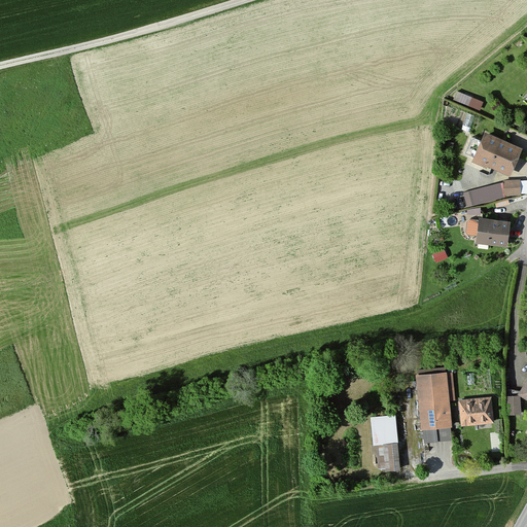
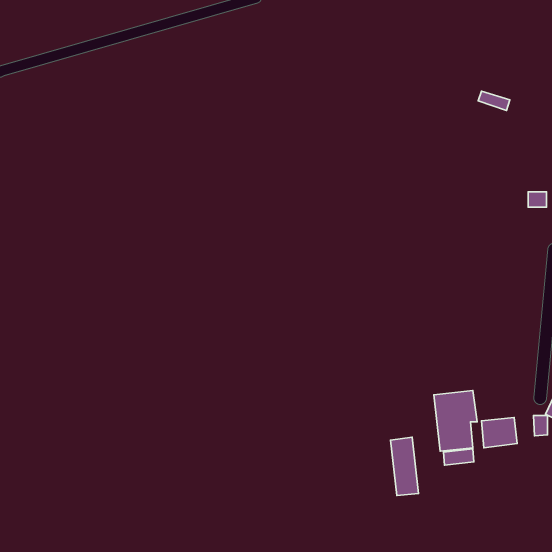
building: [472,133,521,176] -> none
building: [464,184,504,208] -> none
building: [475,218,510,247] -> none

